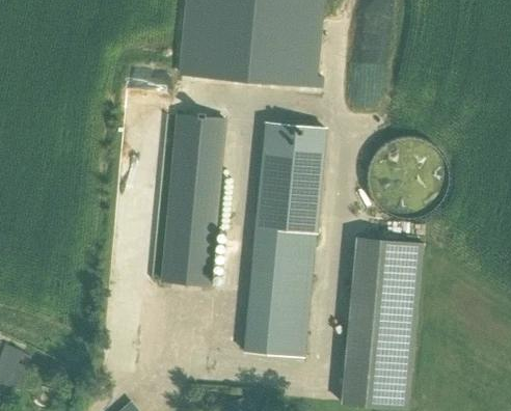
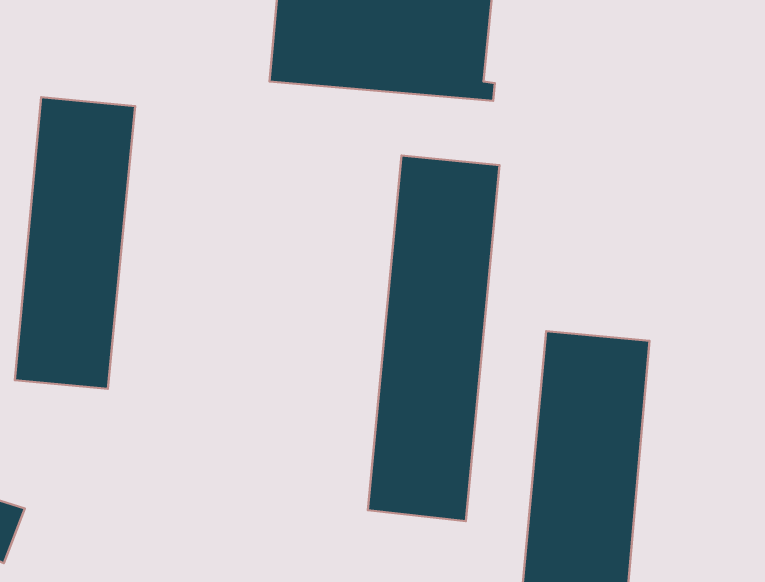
building: none -> [15,97,135,389]
building: [160,114,227,289] -> none

